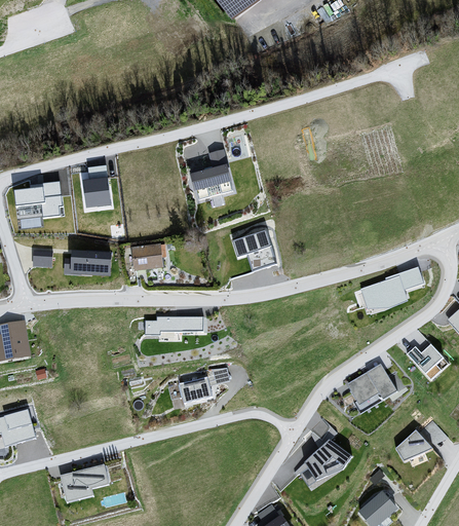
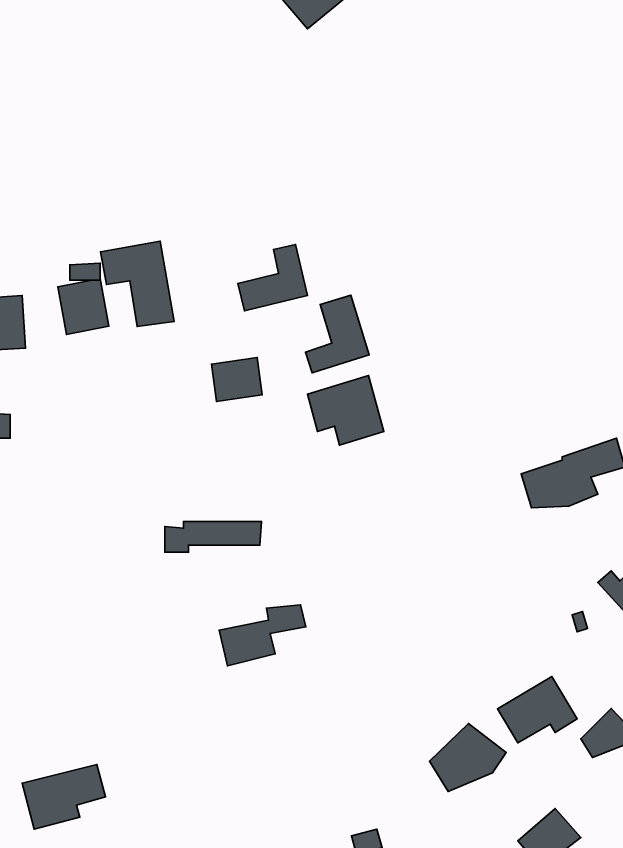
building: none -> [100,241,174,327]
building: none -> [305,295,369,373]
building: [64,248,110,275] -> none
building: [133,248,164,274] -> [211,357,262,402]
building: [347,365,395,405] -> [497,676,577,743]

